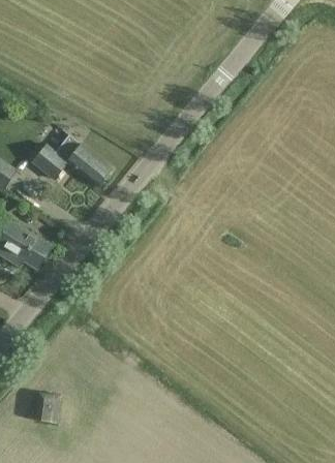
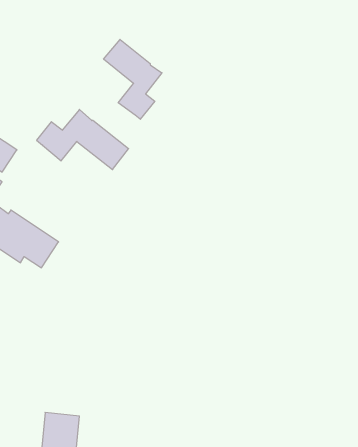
building: none -> [104,39,162,119]

